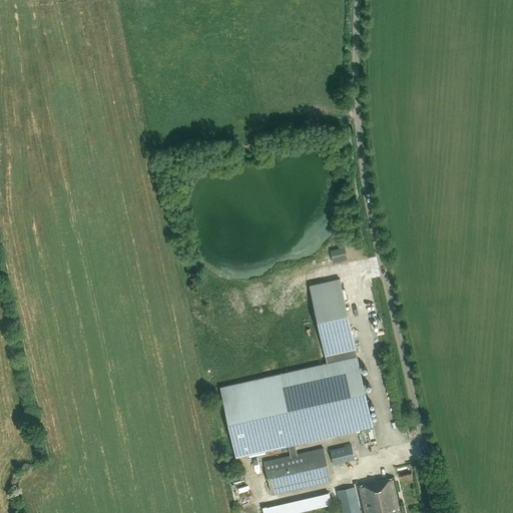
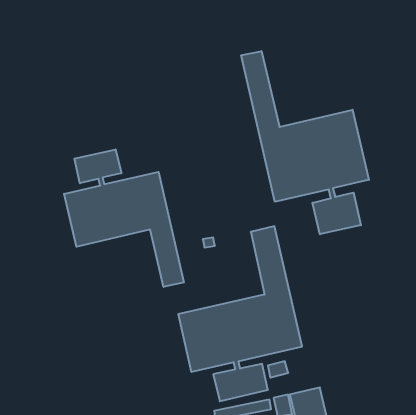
building: none -> [241,51,369,234]
building: none -> [64,149,184,287]

